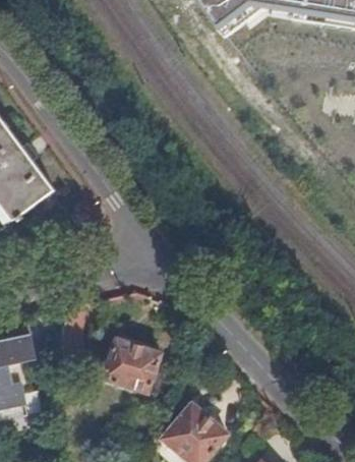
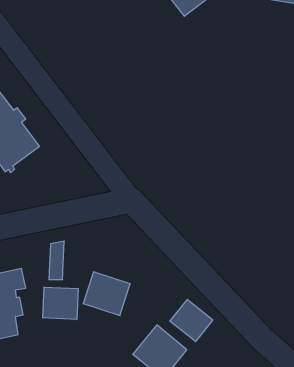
building: none -> [43,287,78,320]
building: none -> [170,299,213,342]

